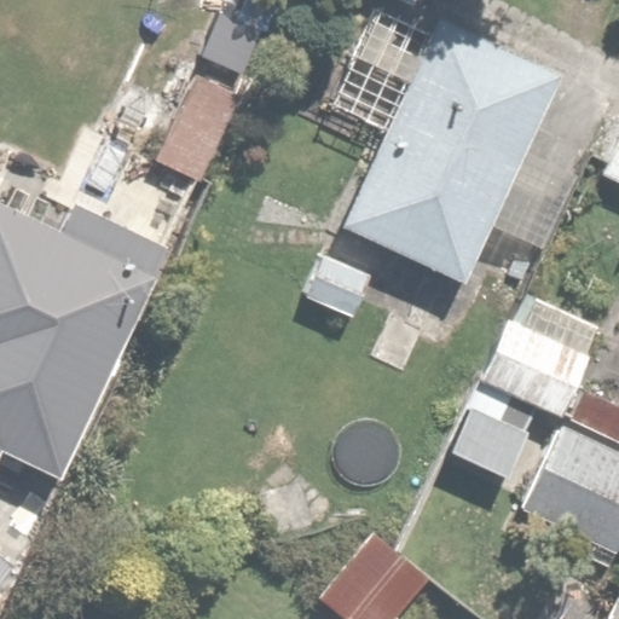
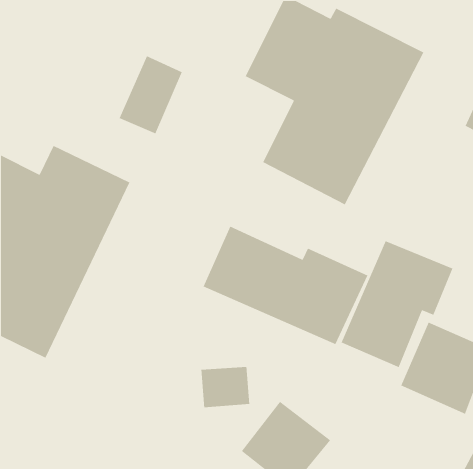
building: none -> [202,226,368,345]

